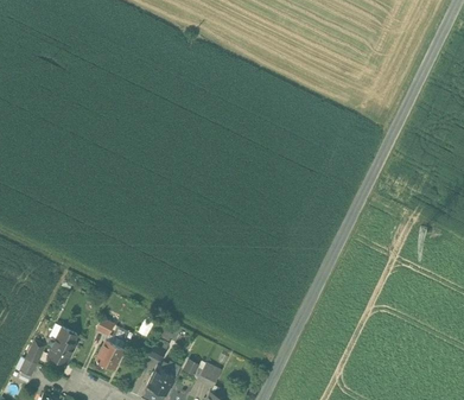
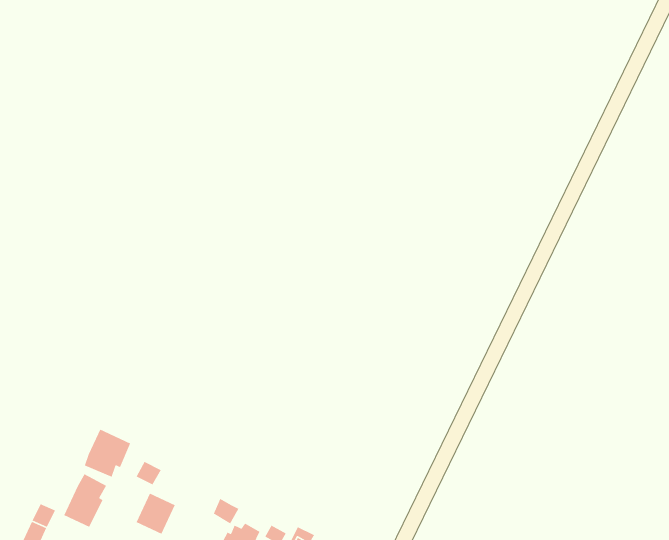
building: none -> [84,429,131,478]

